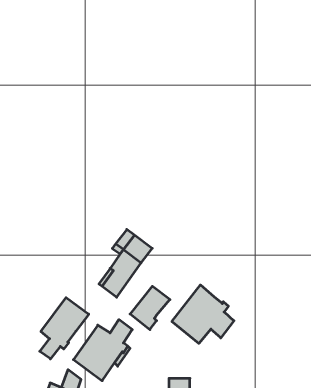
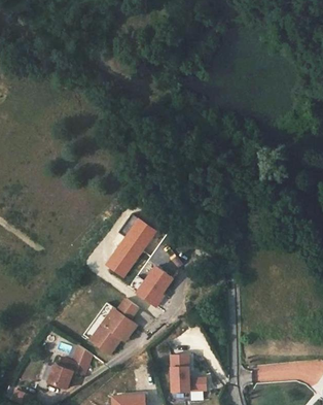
building: [172,285,234,343] -> none
building: [40,298,89,359] -> none

